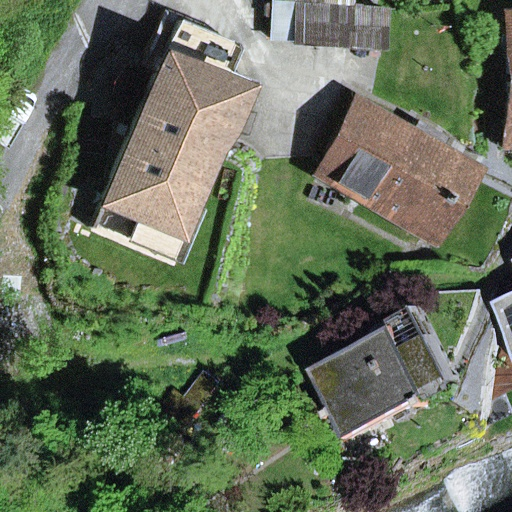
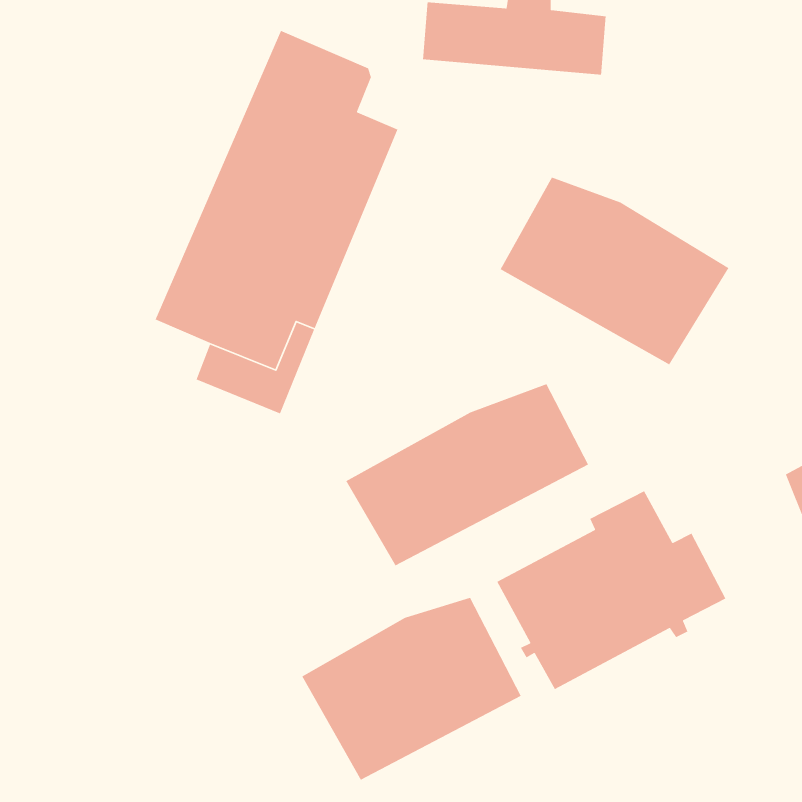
building: none -> [345,383,589,566]
building: none -> [301,597,522,781]

